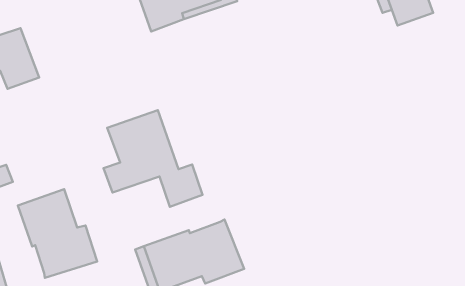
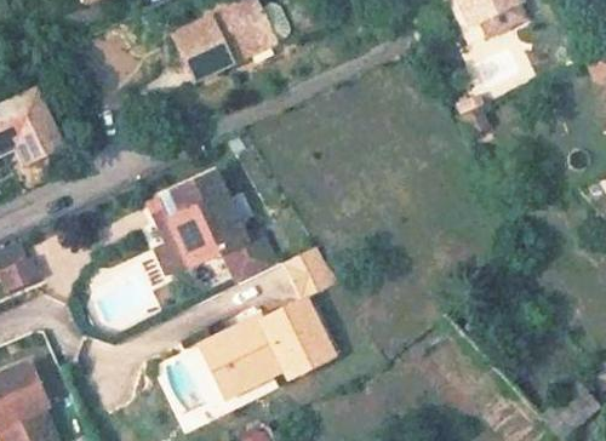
building: none -> [280,251,333,300]
building: [18,189,97,278] -> none

